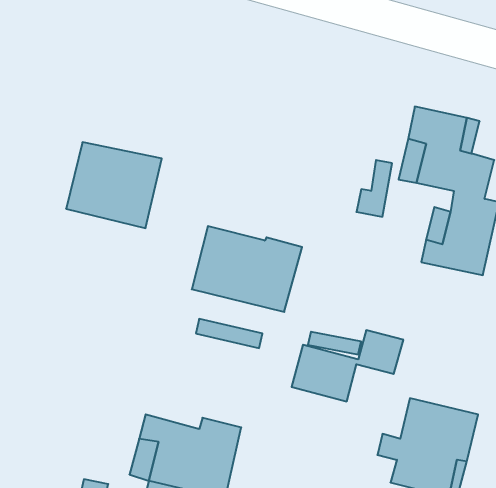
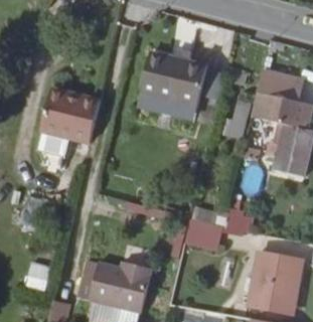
building: [192,226,302,312] -> [144,53,212,107]

